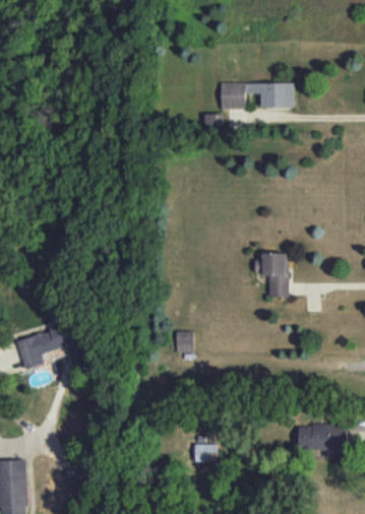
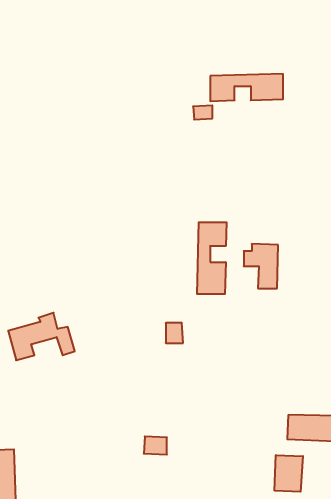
building: none -> [197,222,227,294]
building: [194,444,218,462] -> [144,436,167,455]
building: none -> [275,455,303,492]

